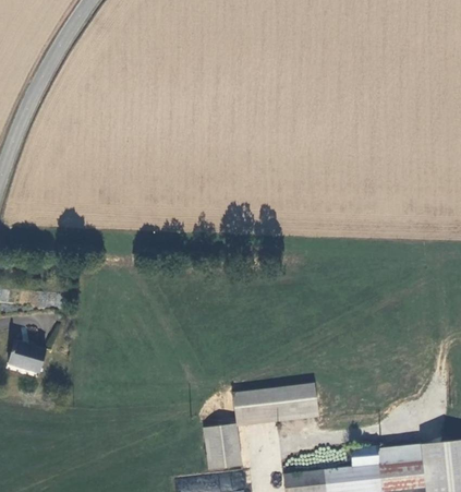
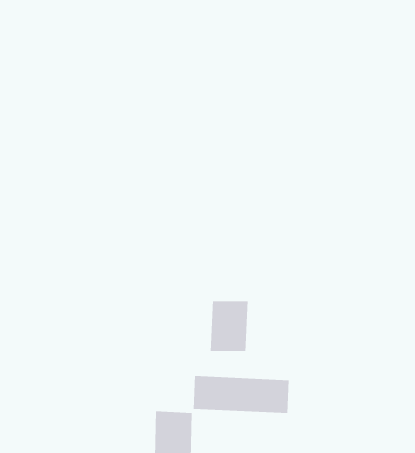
building: none -> [210,300,248,352]

